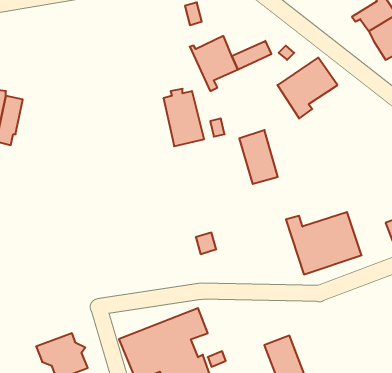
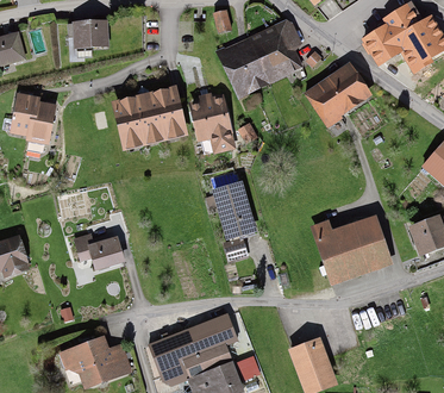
building: none -> [68,20,106,45]
building: none -> [252,25,299,63]
building: none -> [363,26,401,61]
building: none -> [117,91,183,144]
building: [239,130,278,184] -> [215,182,254,236]
building: none -> [75,235,123,266]

